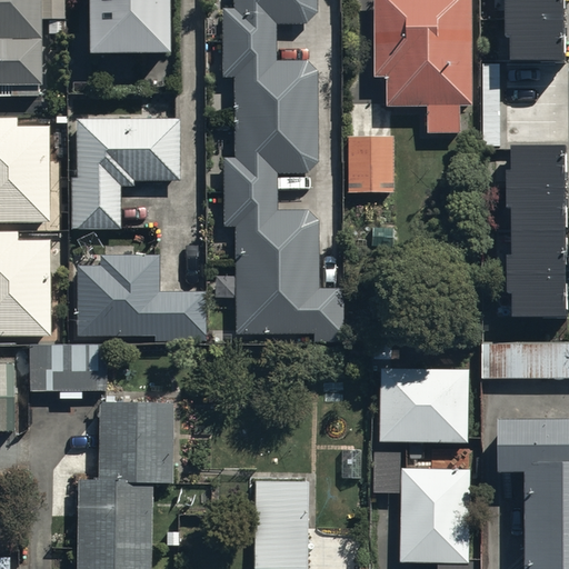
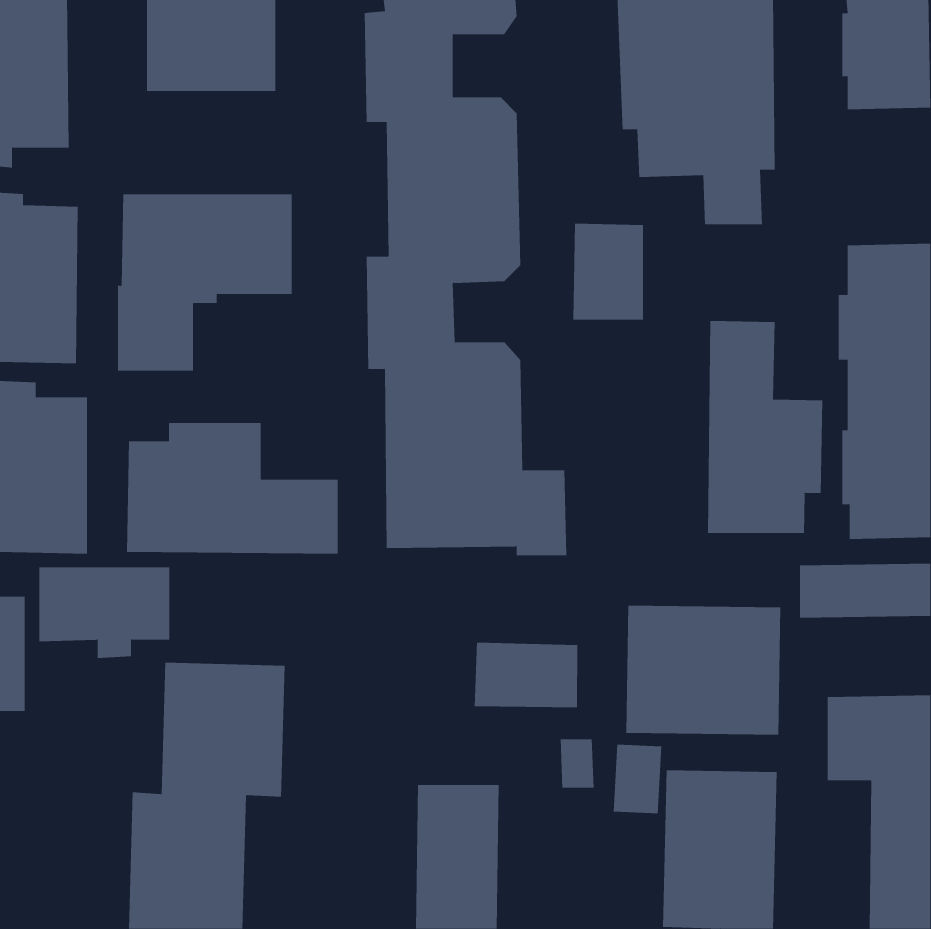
building: none -> [707,320,823,534]
building: none -> [474,642,578,708]

